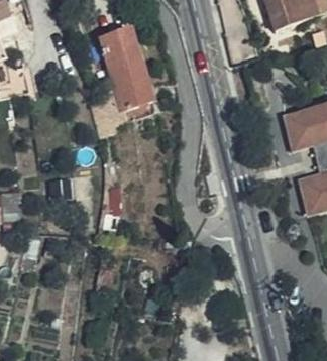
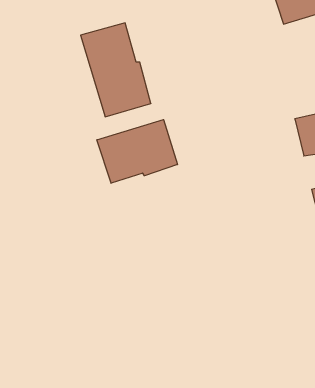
building: none -> [97,120,177,183]

